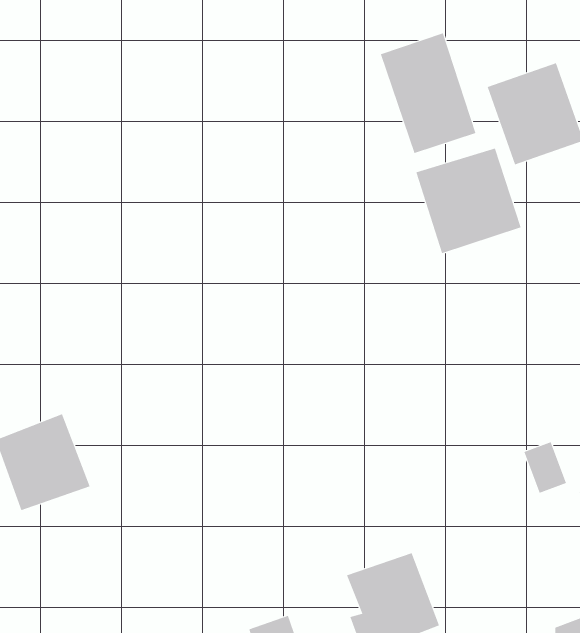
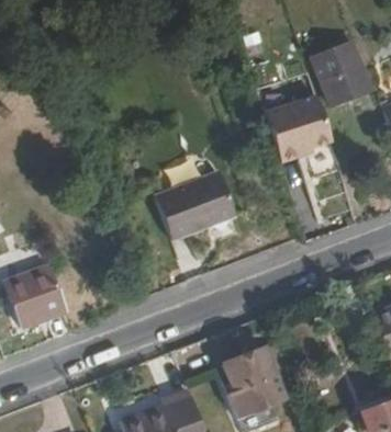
building: [380,33,476,154] -> none
building: none -> [154,175,235,245]

